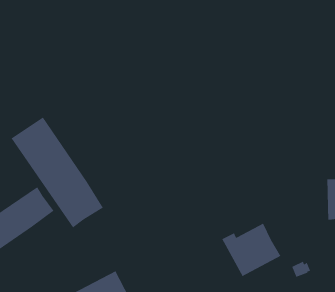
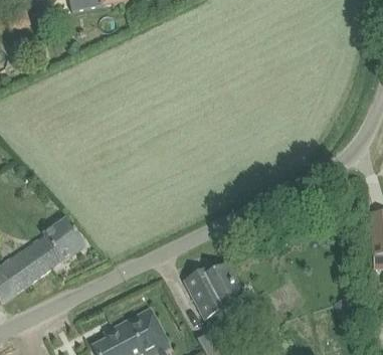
building: [11,117,104,229] -> none
building: [221,223,282,277] -> [183,261,246,319]

